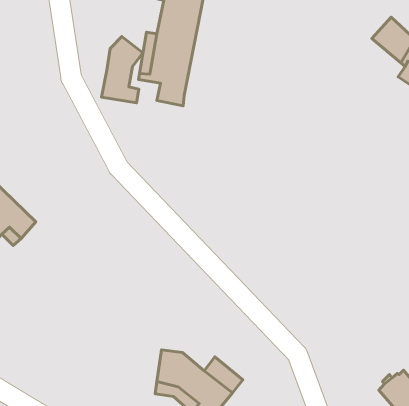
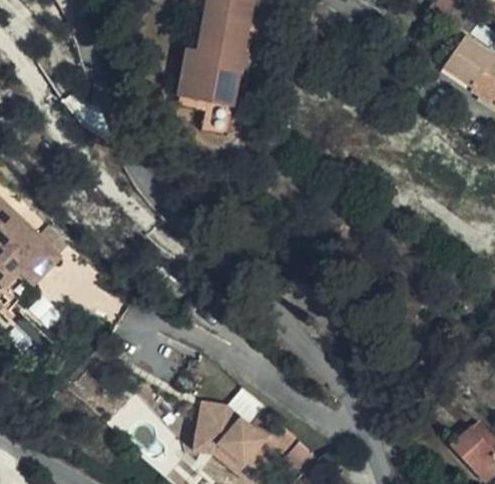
building: [102,36,143,103] -> none

